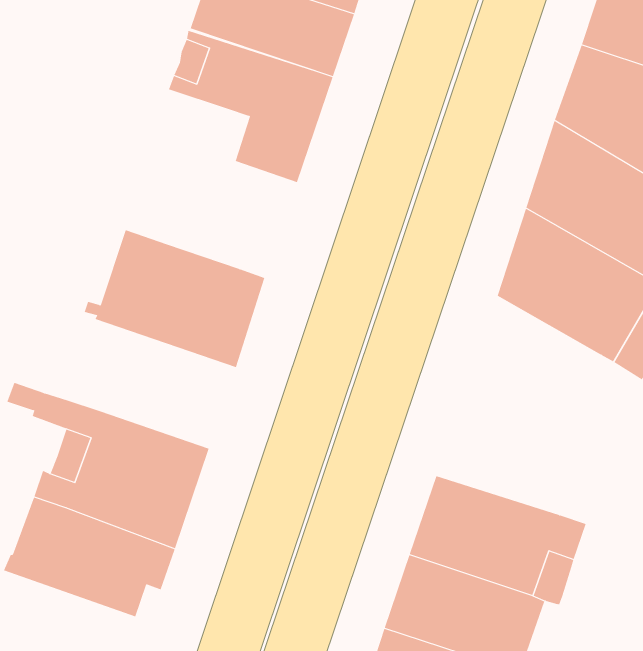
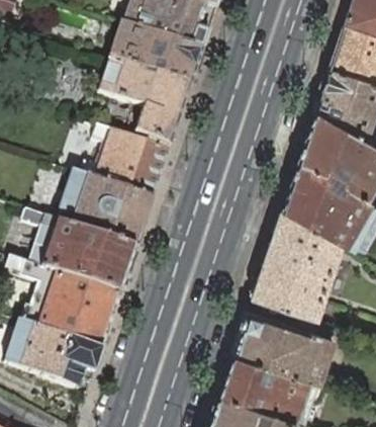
building: none -> [79,126,168,199]
building: none -> [21,209,135,295]
building: none -> [252,209,341,319]

